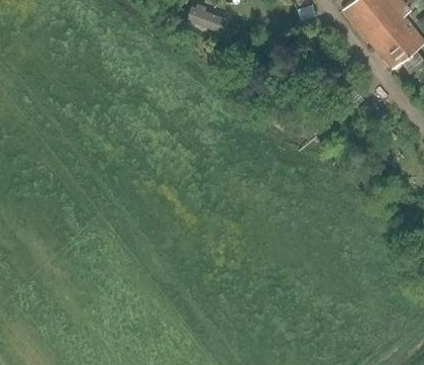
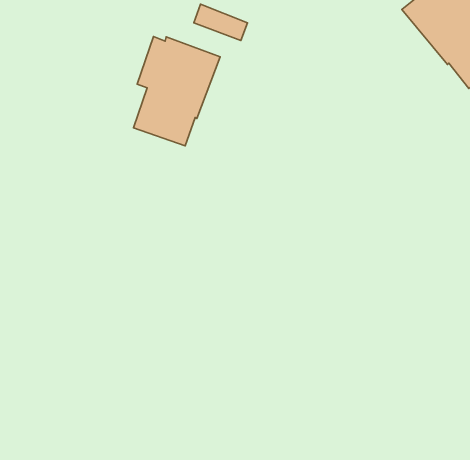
building: none -> [134,37,220,146]

